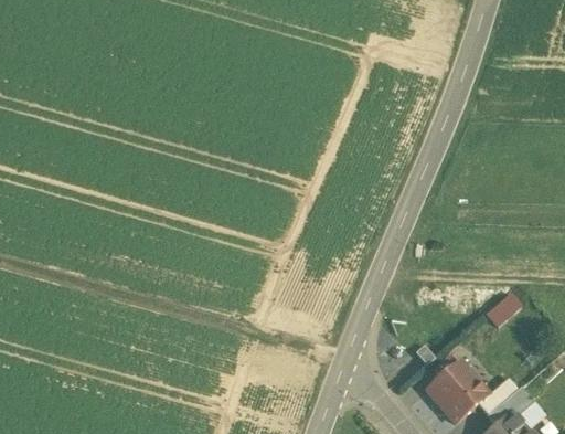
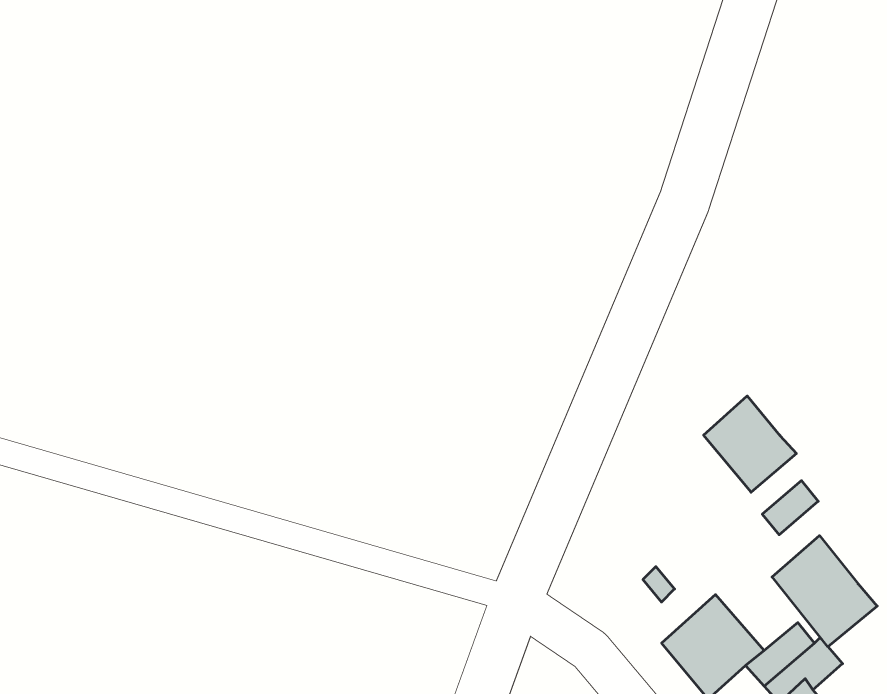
building: none -> [704,396,796,492]
building: none -> [772,536,877,647]

